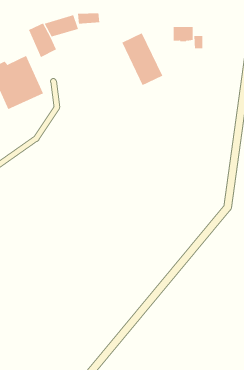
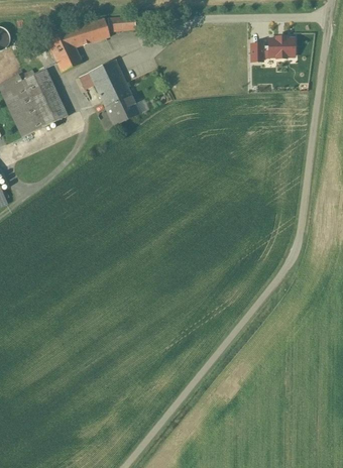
building: [173,26,193,42] -> [268,38,294,57]
building: [122,33,163,86] -> [89,60,140,125]

